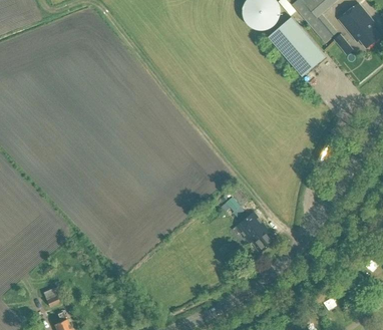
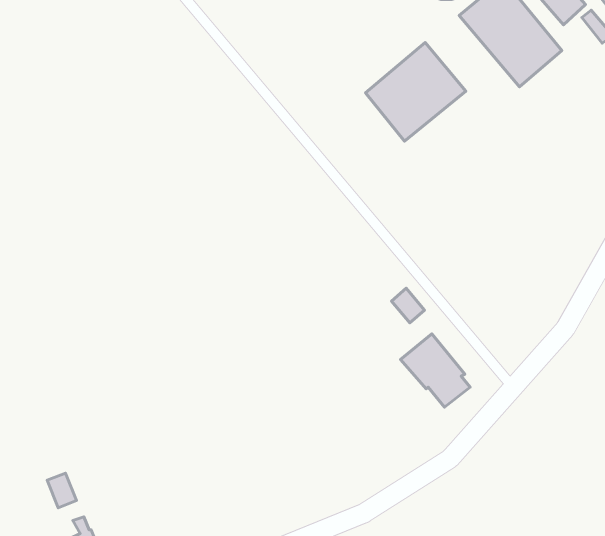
building: none -> [366,42,466,141]

